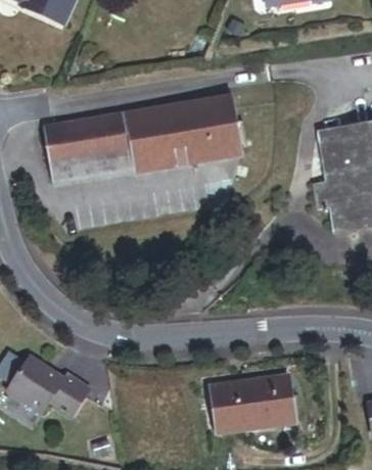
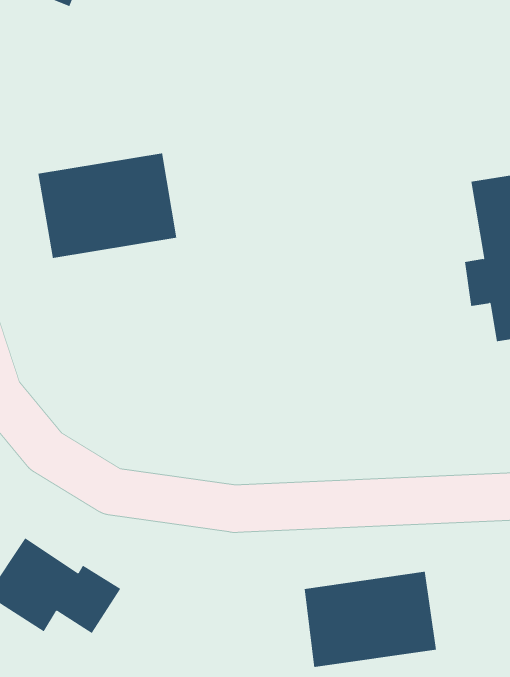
building: [122,93,241,169] -> none

